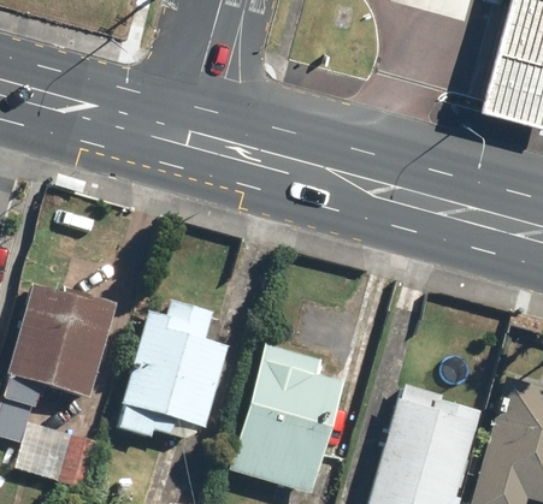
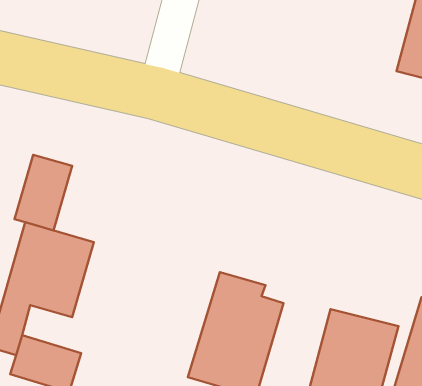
building: none -> [14,155,72,230]
building: [116,301,230,439] -> none

